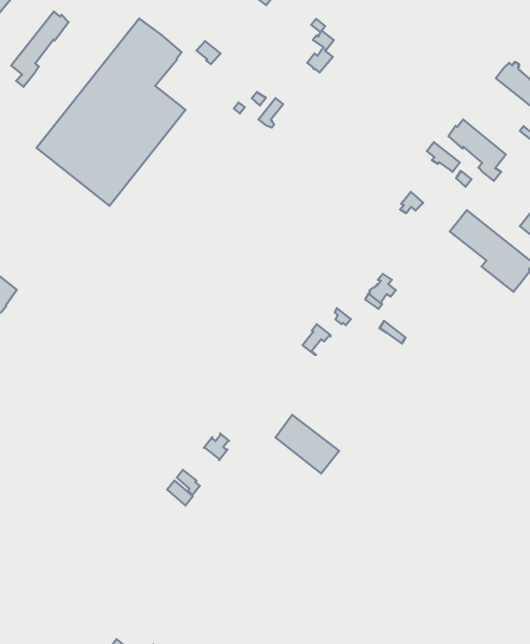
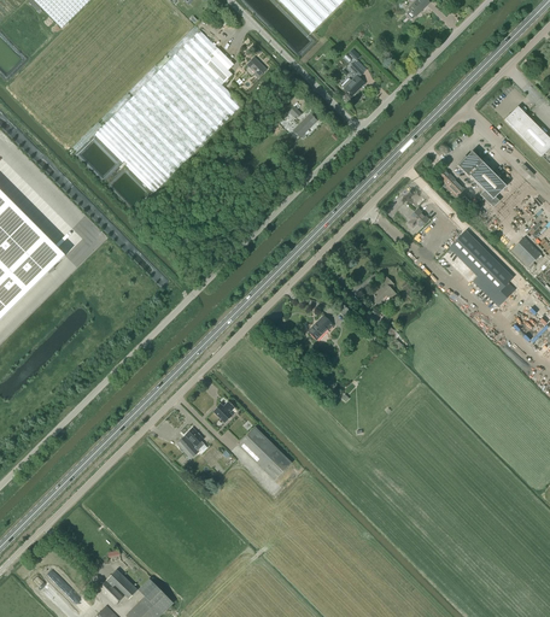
building: [11,12,69,87] -> none
building: none -> [205,70,240,114]
building: [276,415,339,474] -> [236,427,291,481]

